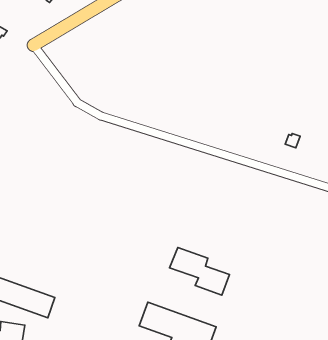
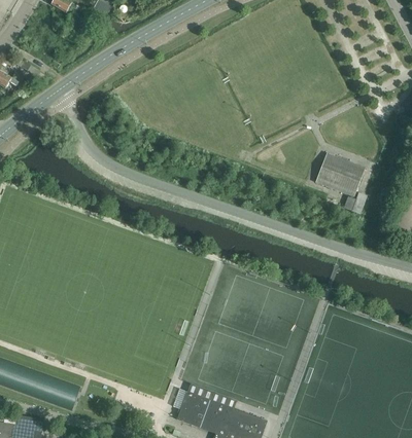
building: none -> [314,153,365,196]
building: [170,248,229,295] -> none

